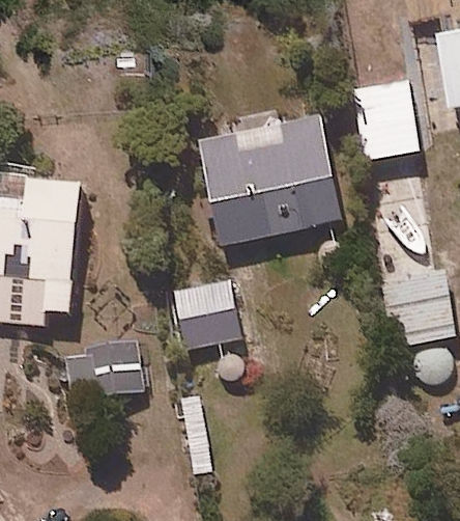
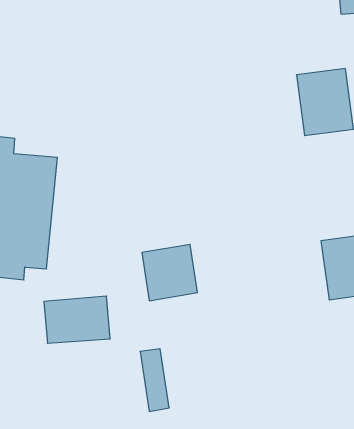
building: [199,107,341,244] -> none

